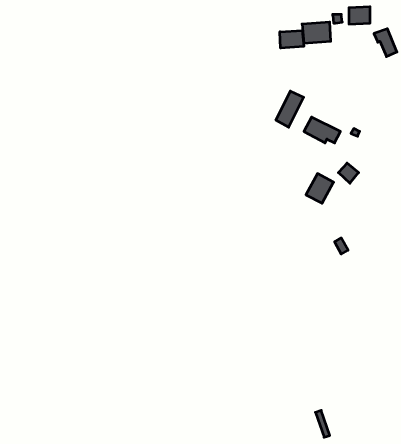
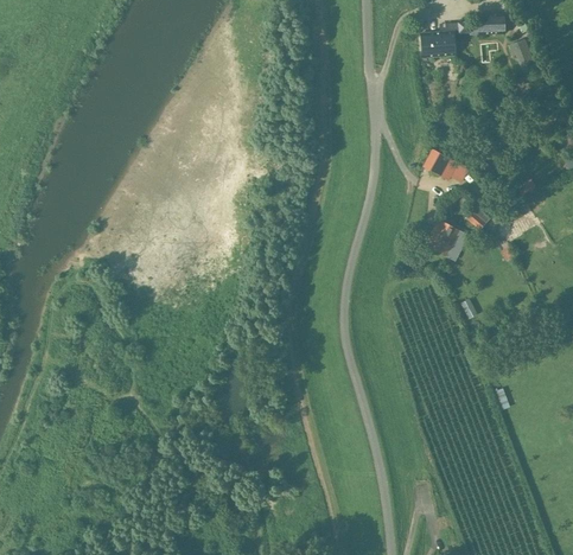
building: [280,30,304,48] -> none
building: [276,91,304,127] -> none

